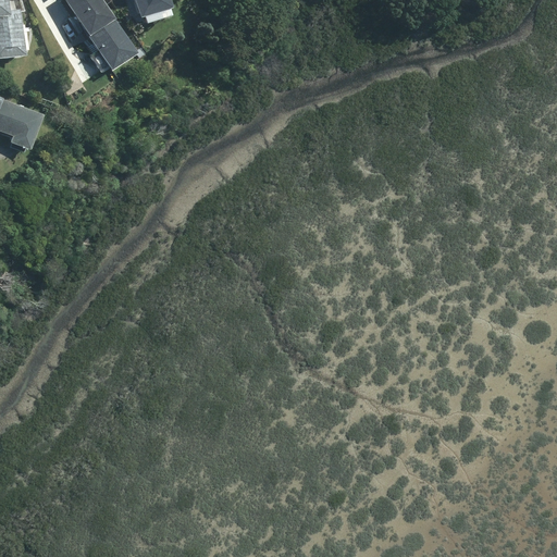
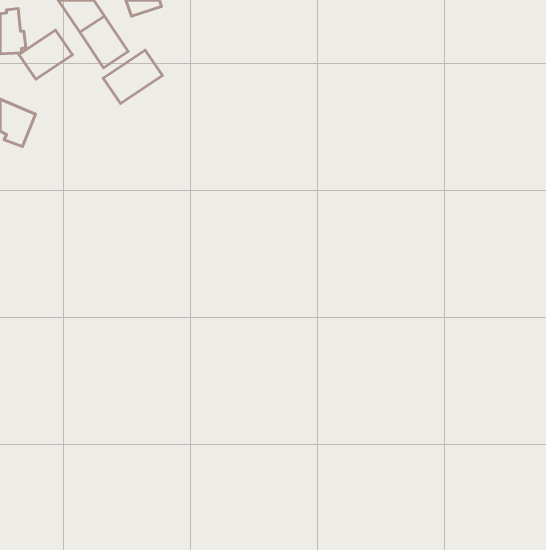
building: none -> [19,30,72,79]
building: none -> [103,50,162,103]

